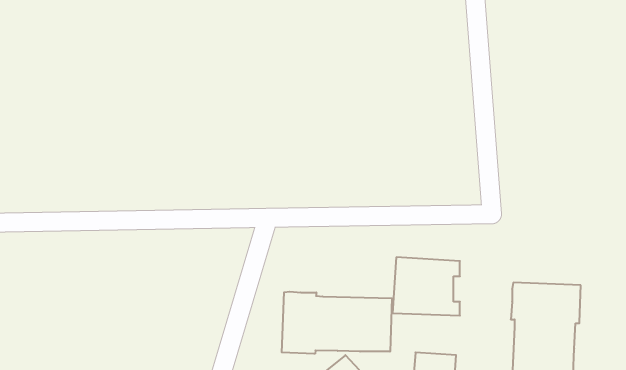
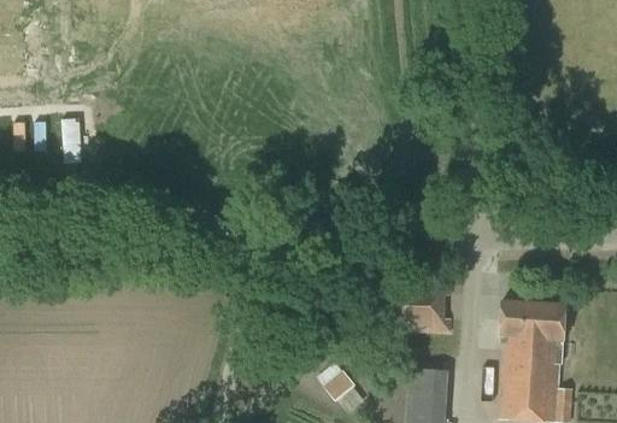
building: [282,292,392,354] -> none

